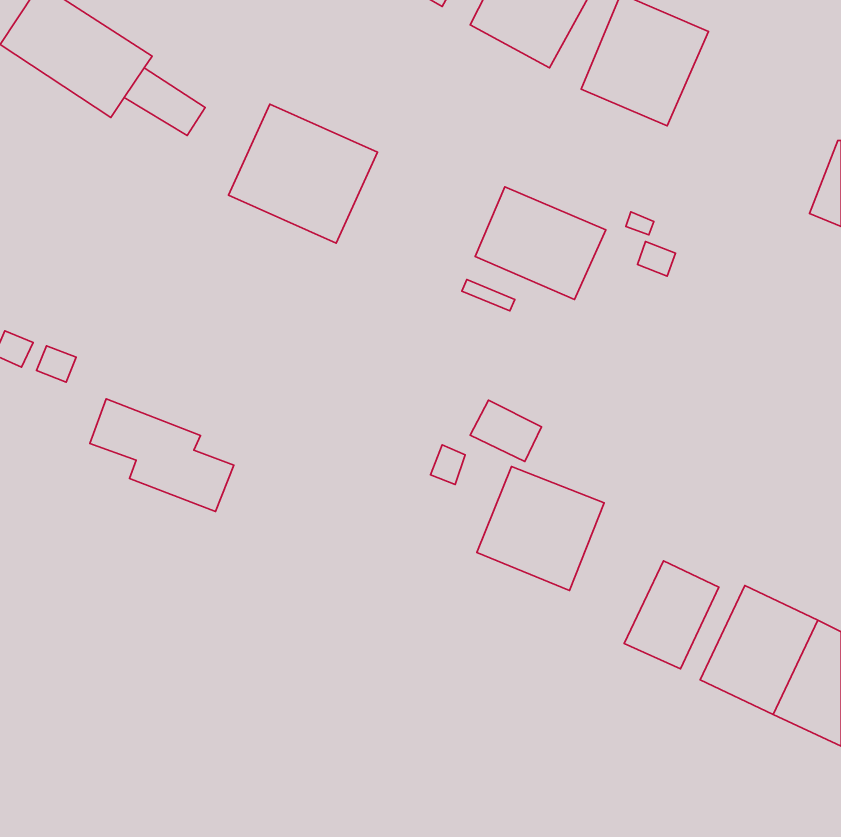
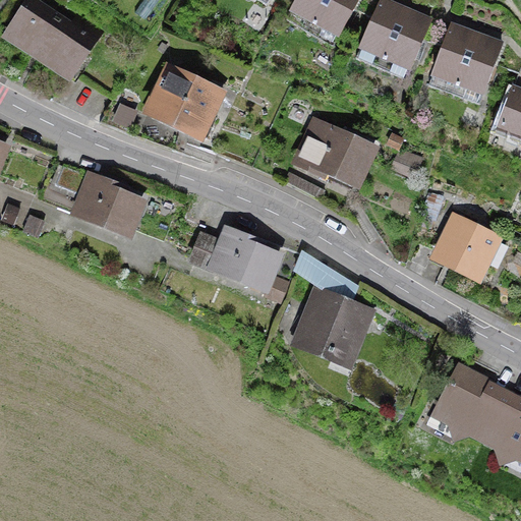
building: none -> [427,25,505,106]
building: none -> [425,214,505,291]
building: none -> [192,228,276,283]
building: [90,399,234,511] -> [50,159,138,228]
building: [624,561,719,669] -> none

